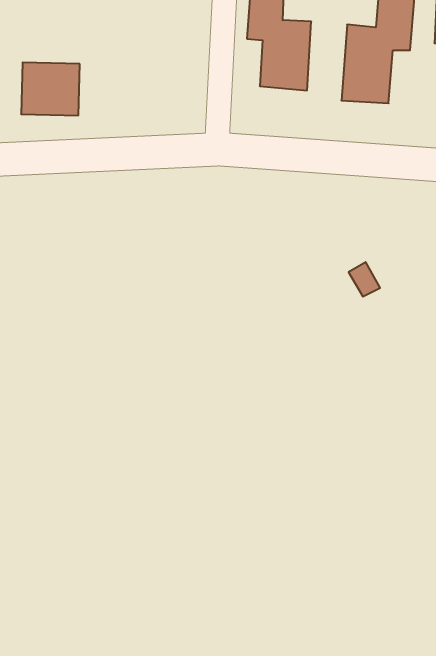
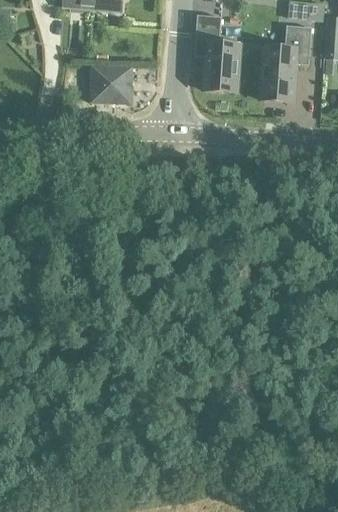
building: [21,62,80,115] -> [91,66,132,103]

